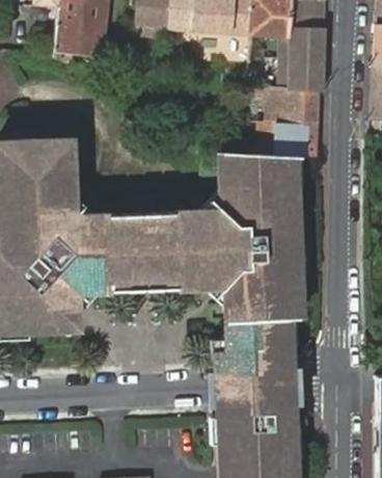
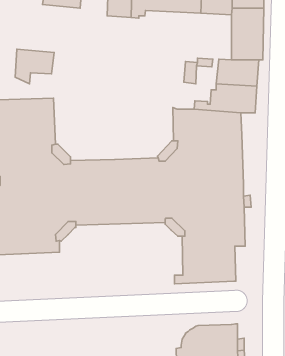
building: [53,23,101,65] -> [15,49,54,84]
building: [216,361,293,416] -> none

